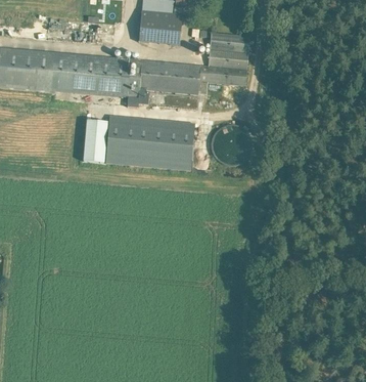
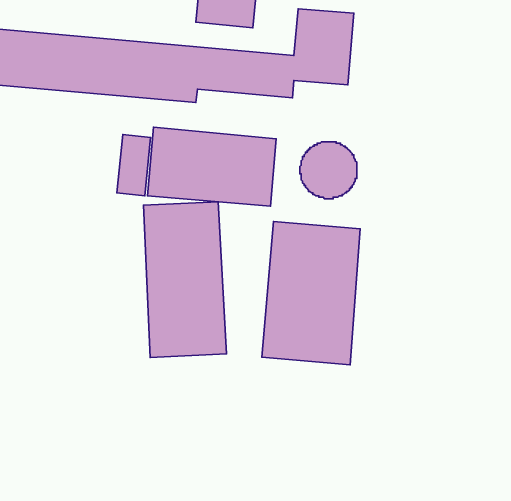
building: none -> [143,202,226,357]
building: none -> [262,221,360,365]

